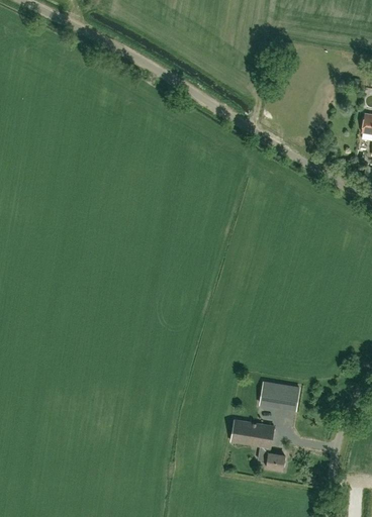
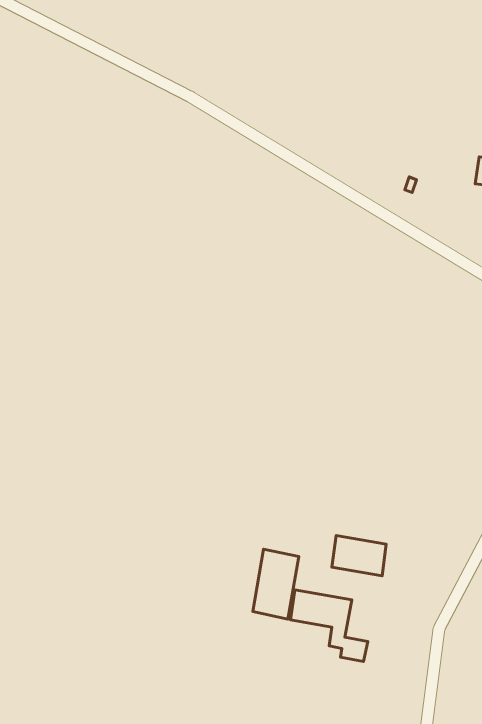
building: none -> [253,549,299,619]

